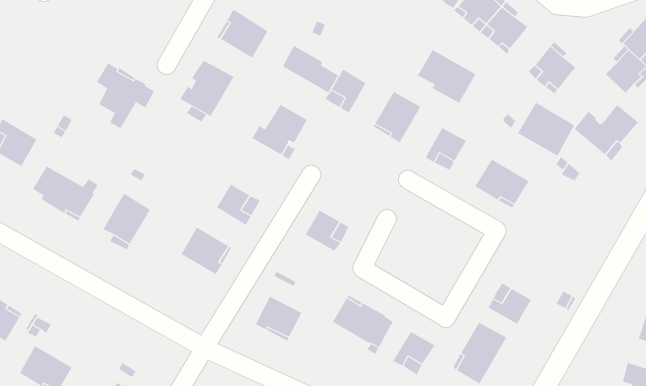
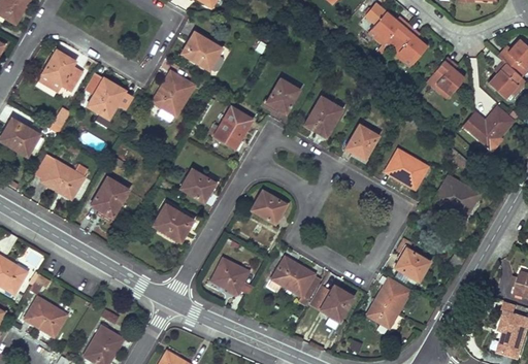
building: none -> [38,49,82,91]
building: [282,45,339,93] -> none
building: [417,49,476,103] -> none
building: [517,102,575,156] -> [434,175,480,219]

